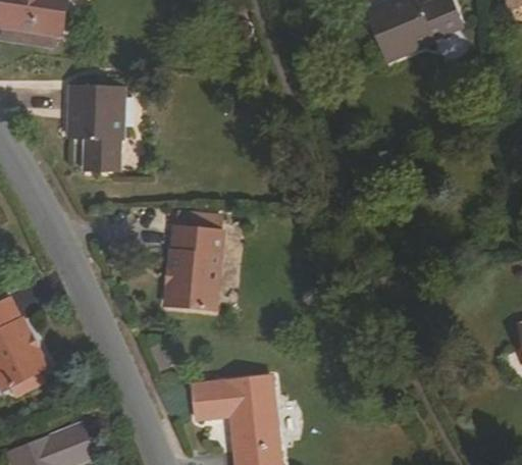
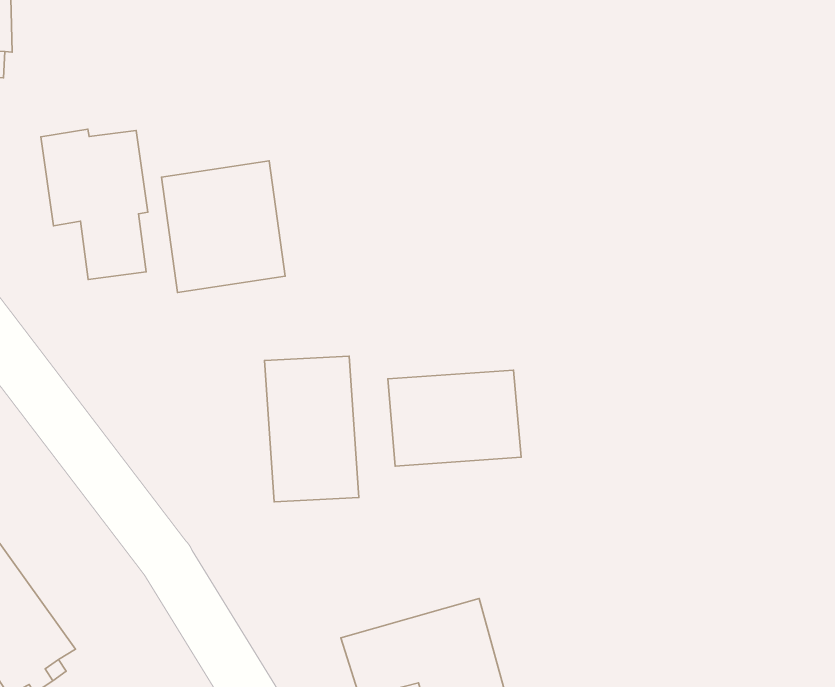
building: none -> [161,161,285,292]
building: none -> [388,370,521,466]

